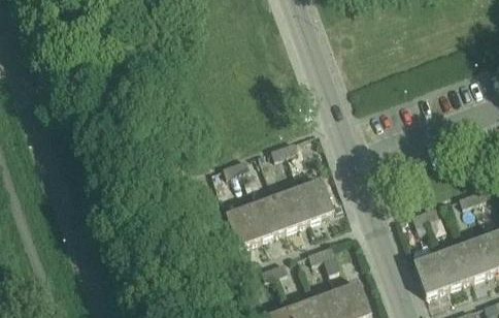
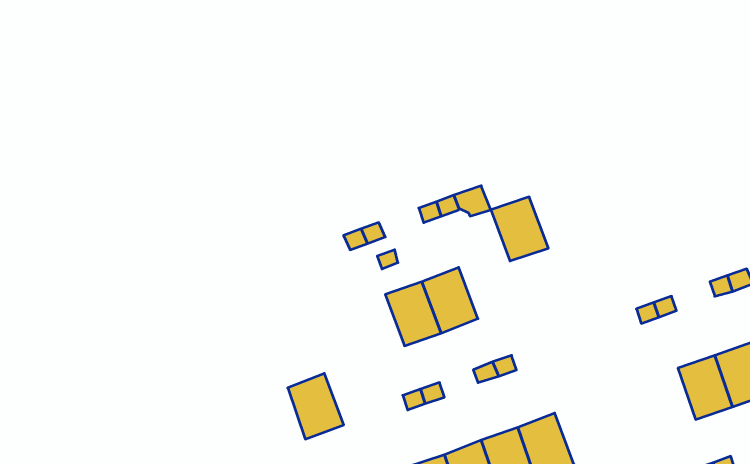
building: [297,178,334,219] -> [491,197,548,261]
building: [226,203,262,246] -> [288,373,344,439]
building: [413,251,450,293] -> none

